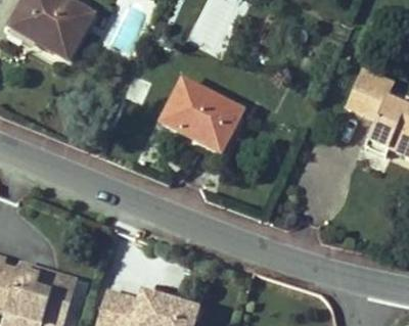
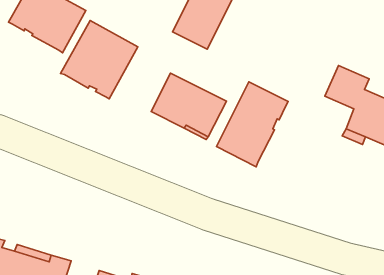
building: none -> [61,20,138,99]
building: none -> [216,82,288,167]

